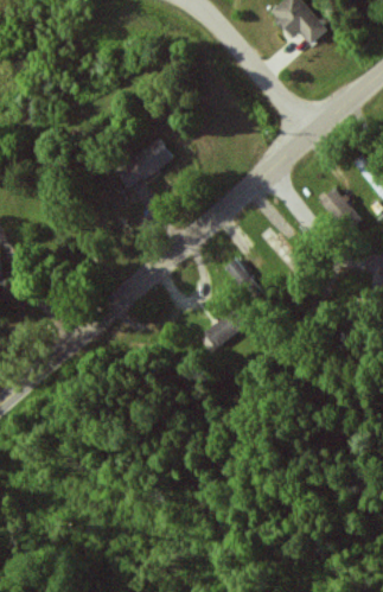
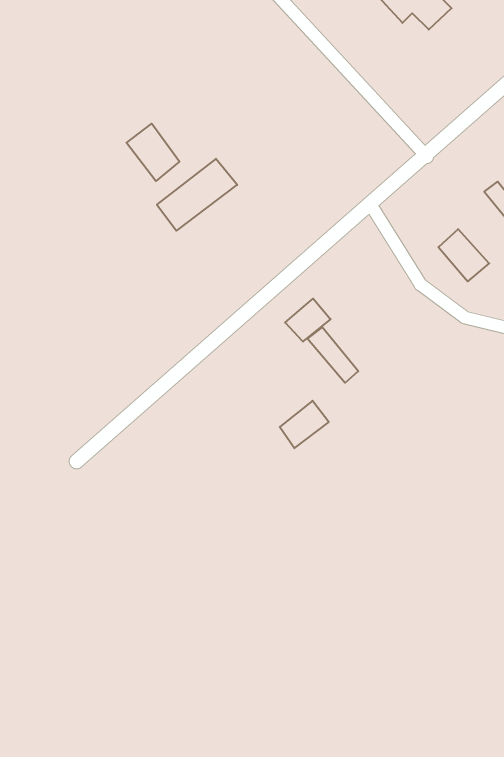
building: none -> [126,124,179,181]
building: none -> [285,299,331,342]

